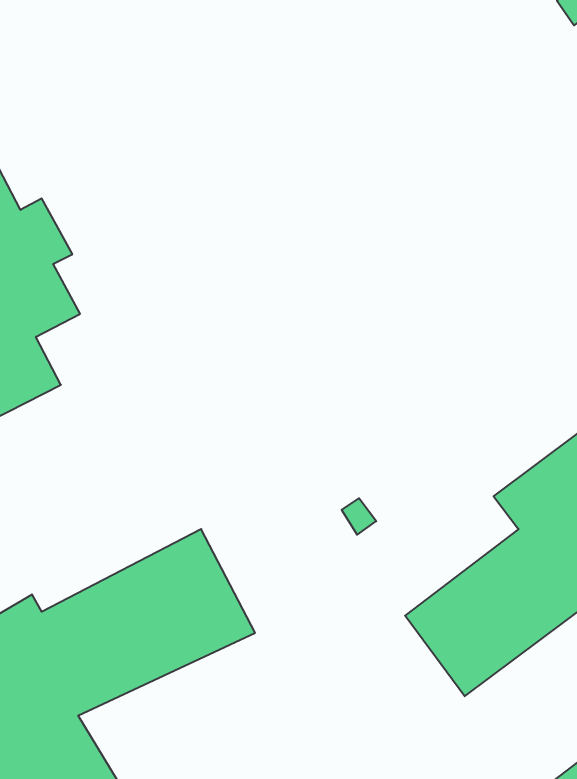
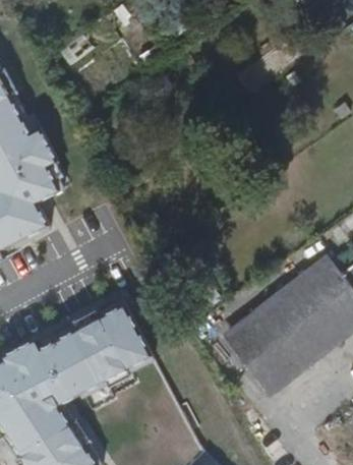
building: none -> [221,287,294,350]

